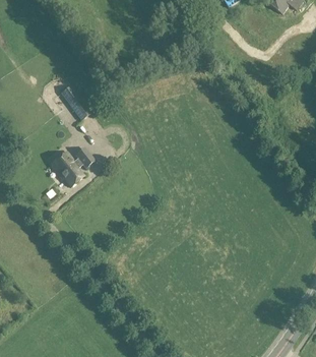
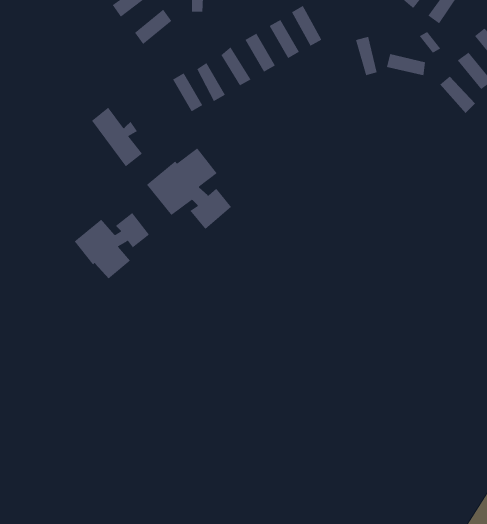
building: none -> [146,147,232,230]

